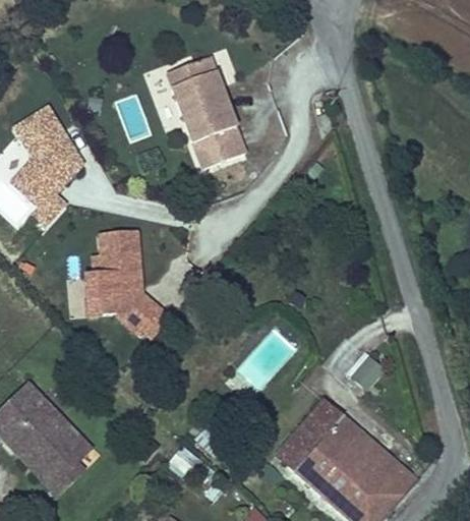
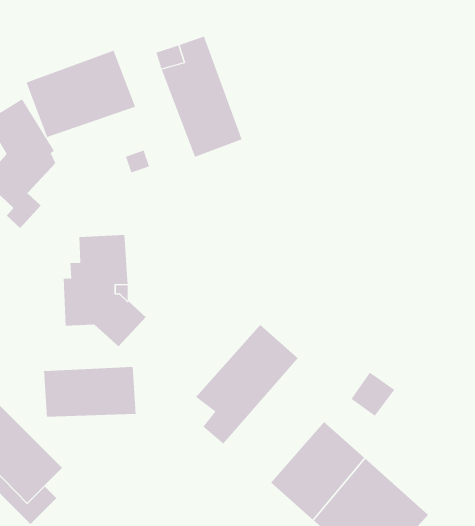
building: none -> [26,50,136,138]
building: none -> [195,324,299,444]
building: none -> [44,366,136,417]

